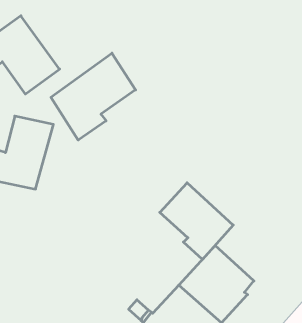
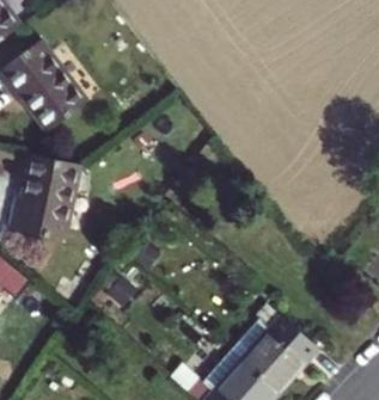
building: [51,53,136,140] -> none
building: [160,183,233,259] -> none

